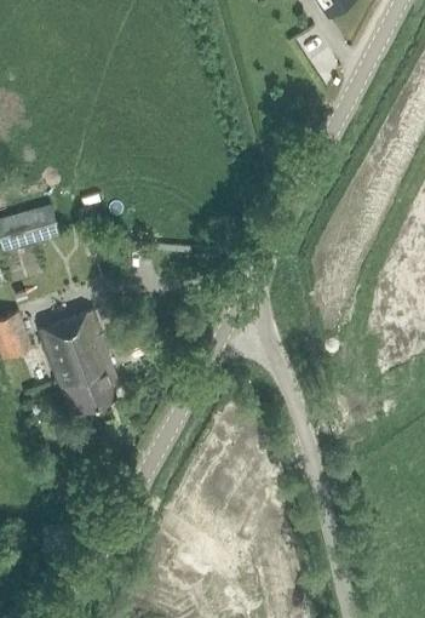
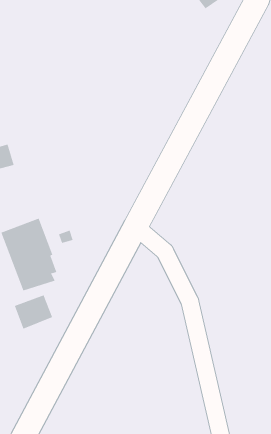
building: none -> [14,295,53,330]

